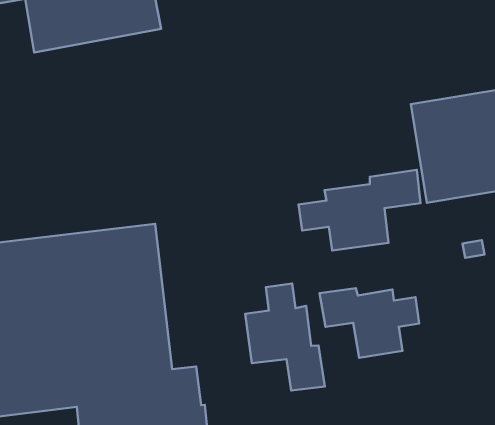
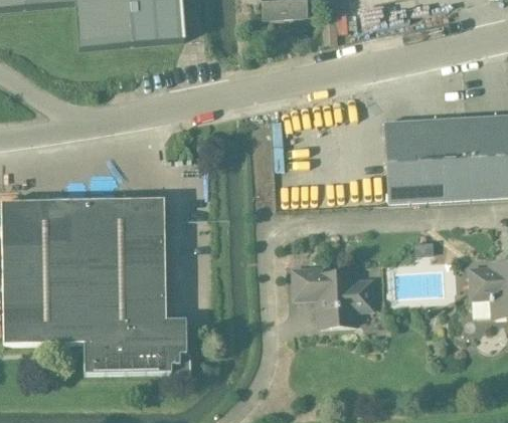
building: [299,170,420,251] -> none
building: [245,283,325,390] -> none

